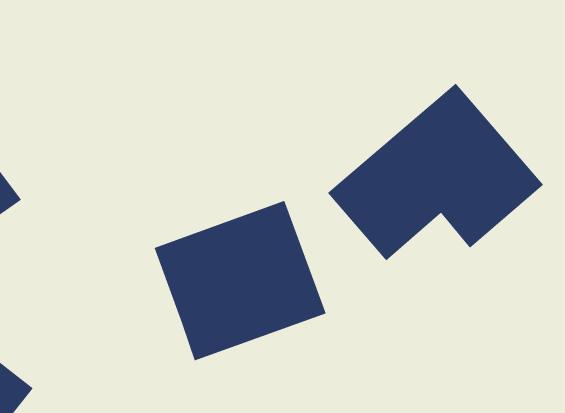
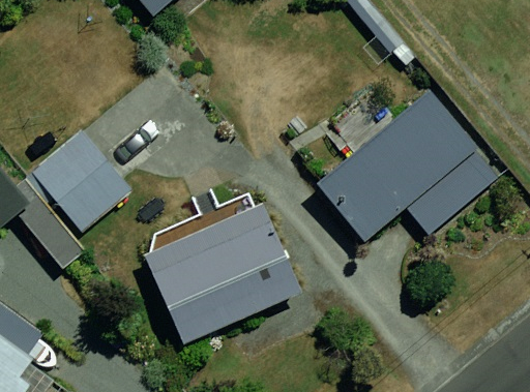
building: none -> [29,123,138,233]

